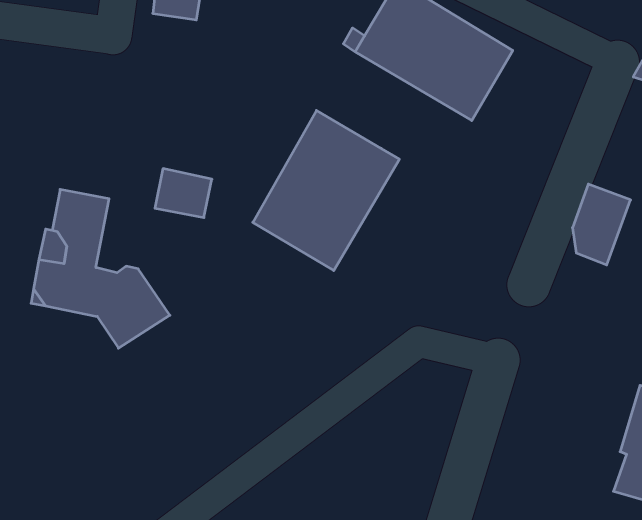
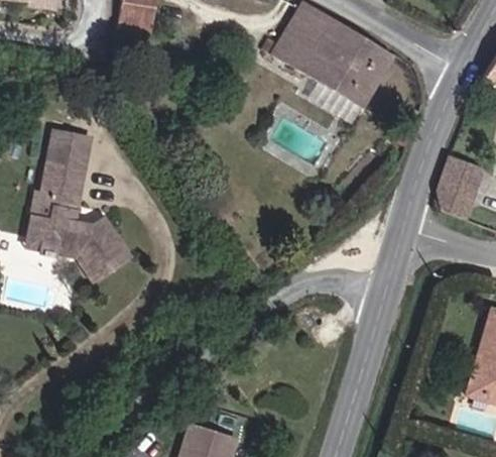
building: [253,110,399,271] -> none
building: [155,169,212,218] -> [47,130,91,167]

